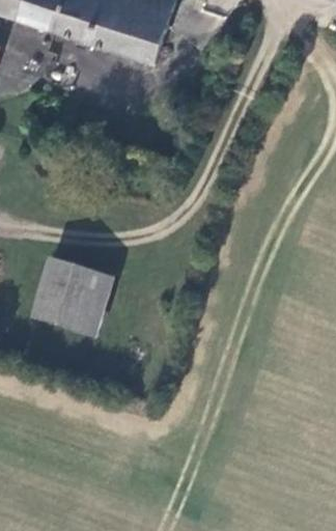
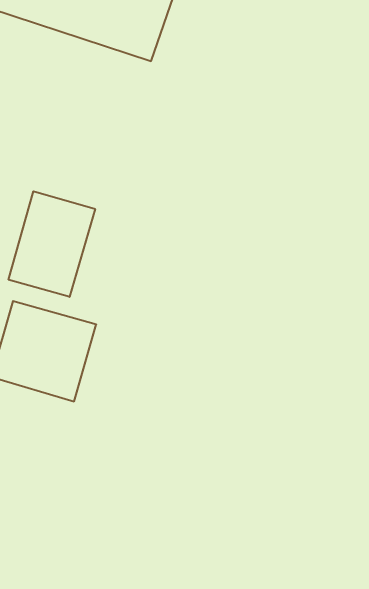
building: none -> [9,191,95,297]

